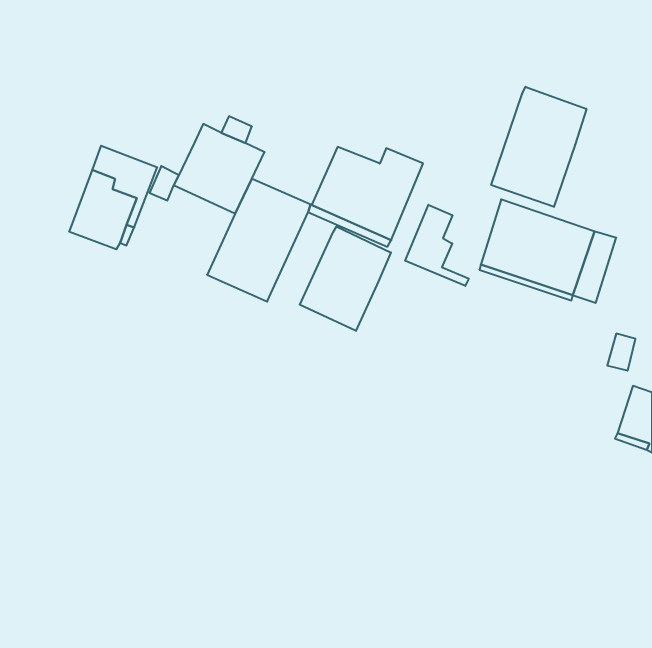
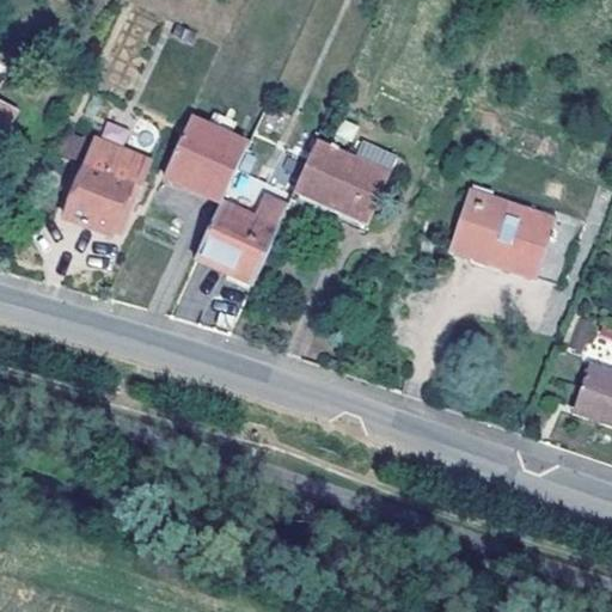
building: [491,87,586,207] -> none
building: [405,205,469,286] -> none
building: [300,227,391,331] -> none

